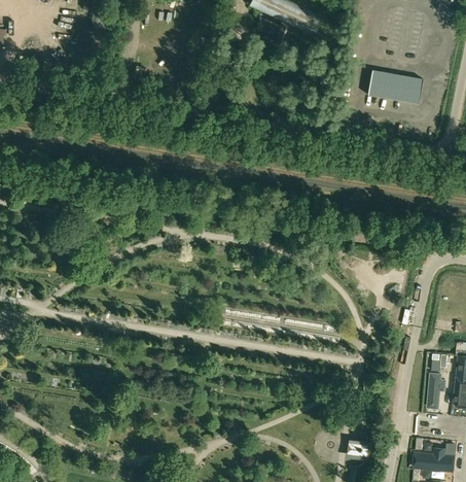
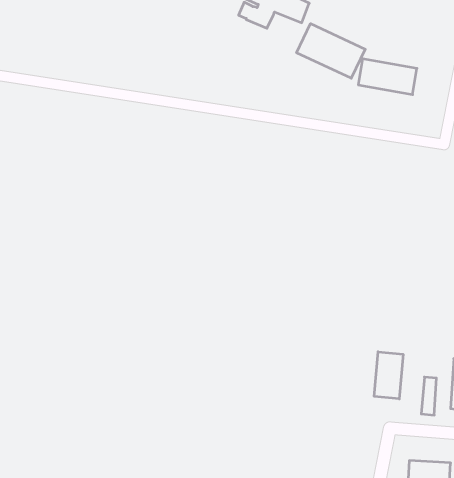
building: none -> [297,24,365,78]
building: none -> [374,352,403,399]

